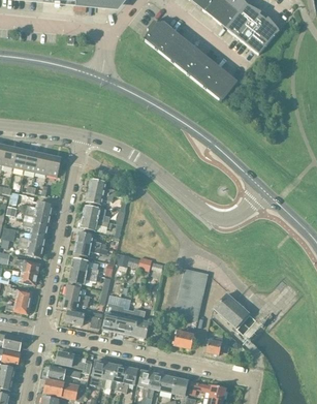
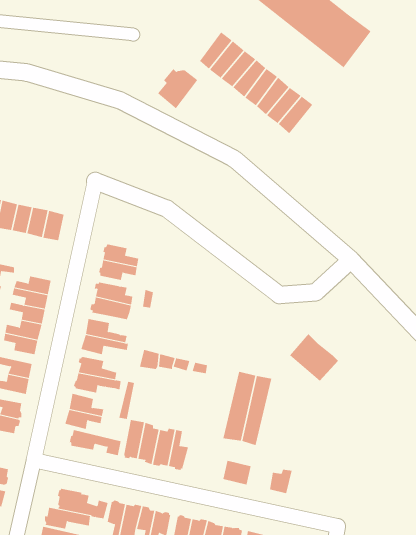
building: [142,20,171,49] -> [157,68,198,109]
building: [213,292,248,327] -> [289,333,339,381]

